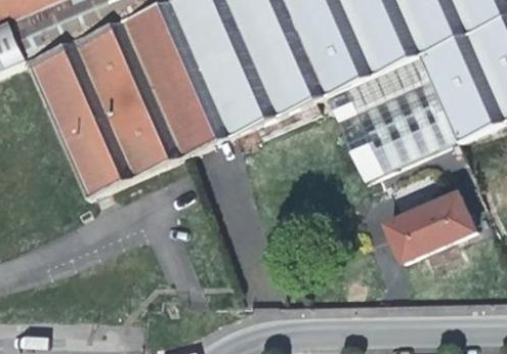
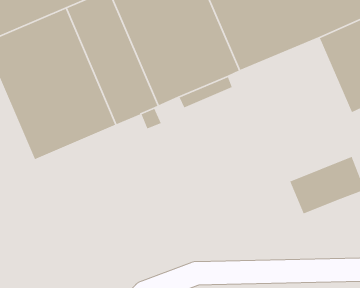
building: [329,54,459,181] -> none

